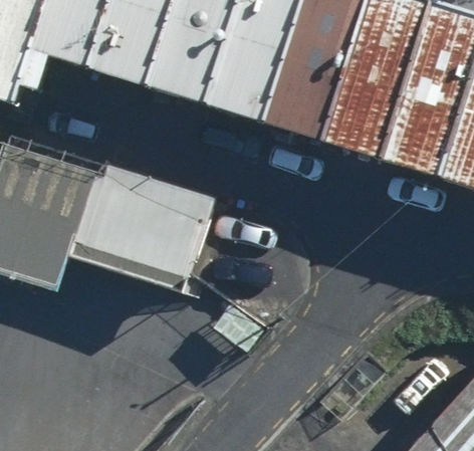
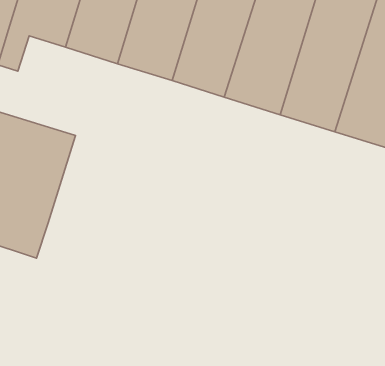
building: [70,161,215,292] -> none

